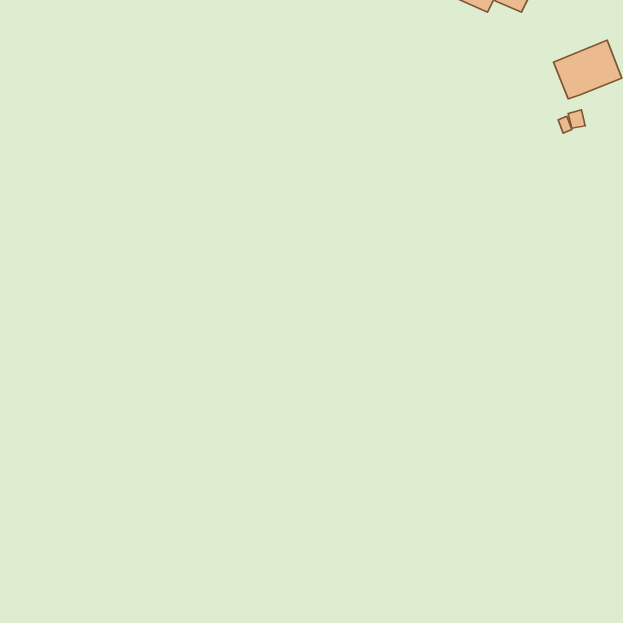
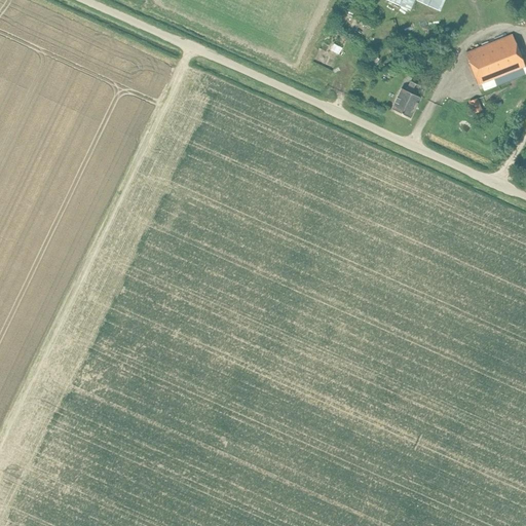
building: none -> [391,80,420,117]

